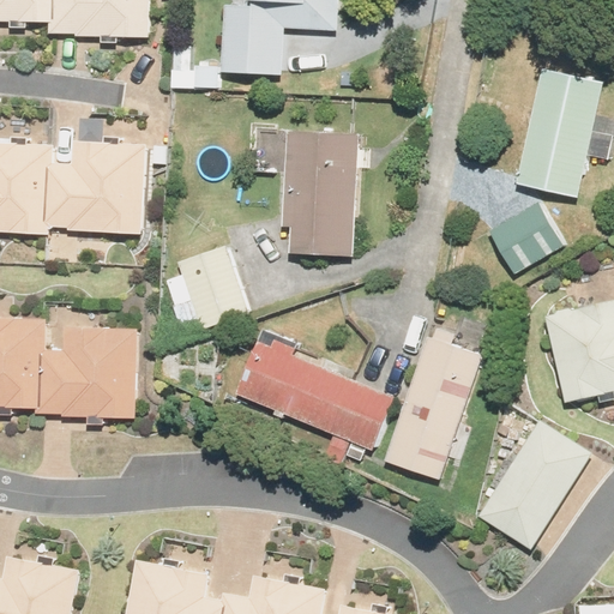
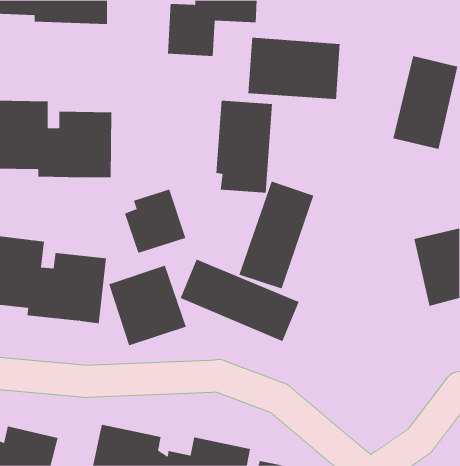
building: none -> [248,37,340,100]
building: [481,217,548,283] -> none
building: [384,337,483,480] -> [238,181,314,289]
building: none -> [108,265,187,346]
building: [482,421,595,548] -> none

